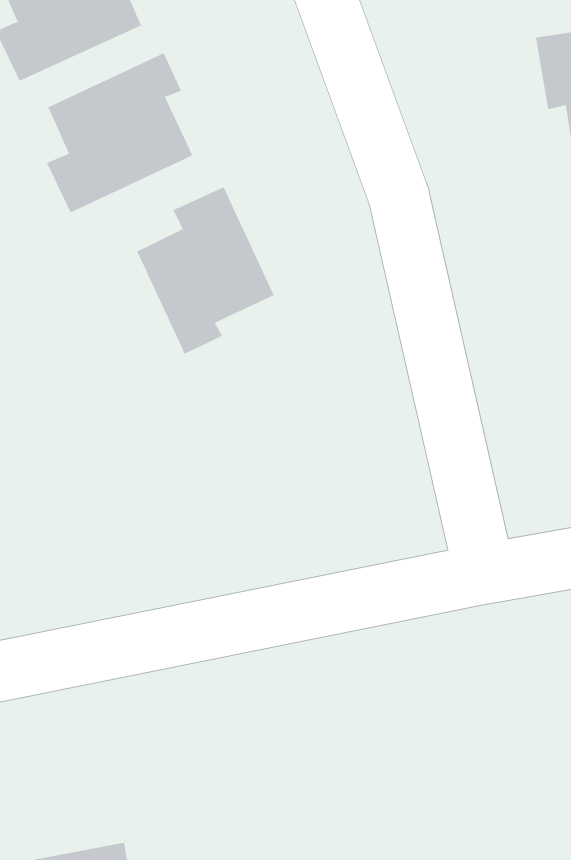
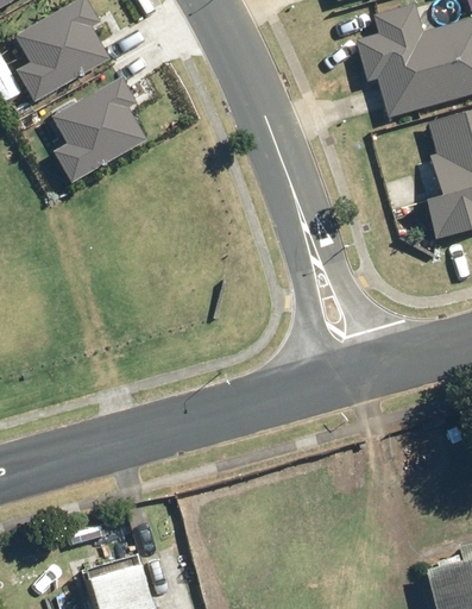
building: [136,186,274,354] -> none

